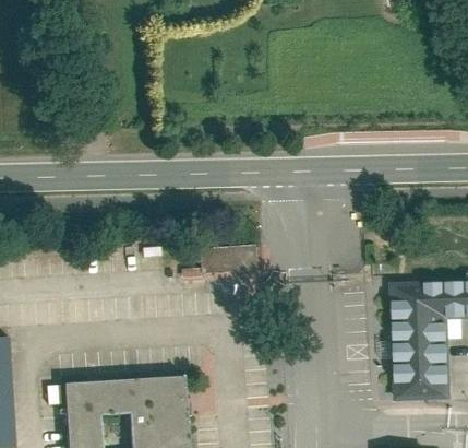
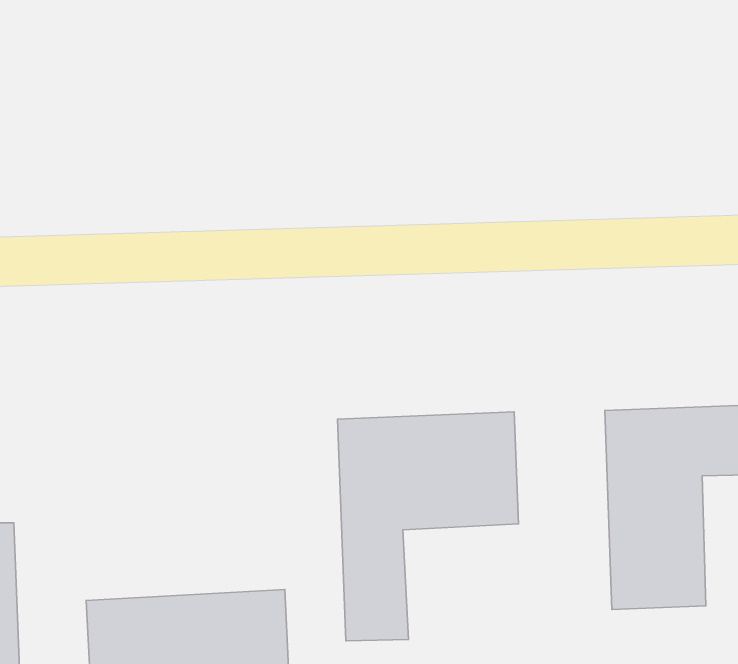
building: none -> [337,412,518,641]

